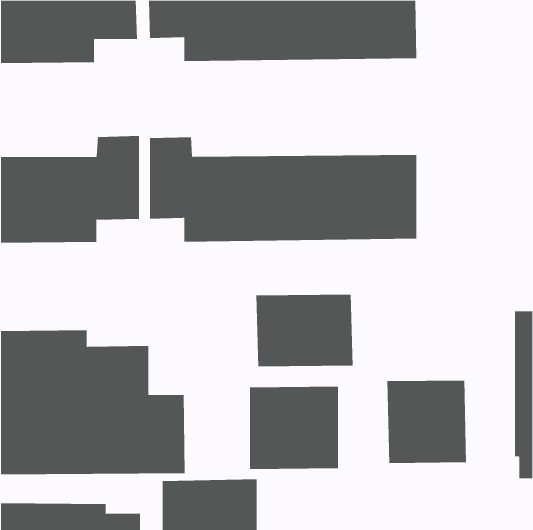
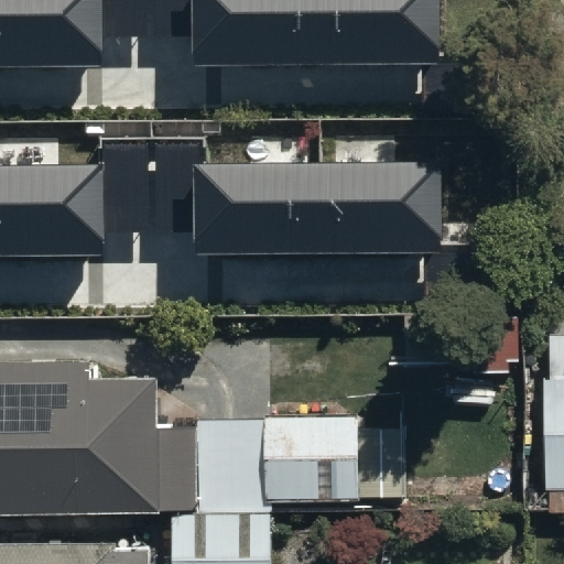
building: [256,294,353,367] -> none
building: [387,380,467,464] -> none

